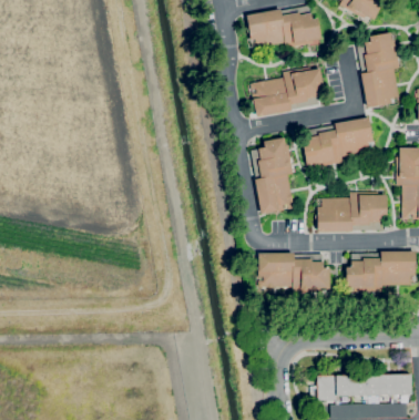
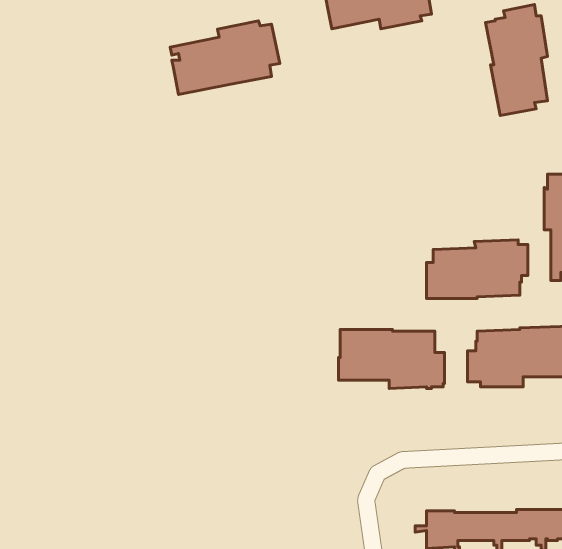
building: [252,66,326,116] -> [170,21,280,94]
building: [298,117,374,167] -> none
building: [252,137,295,214] -> none

